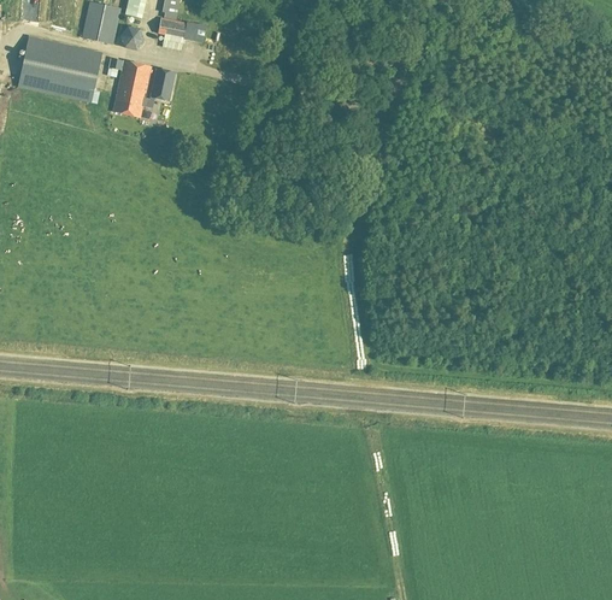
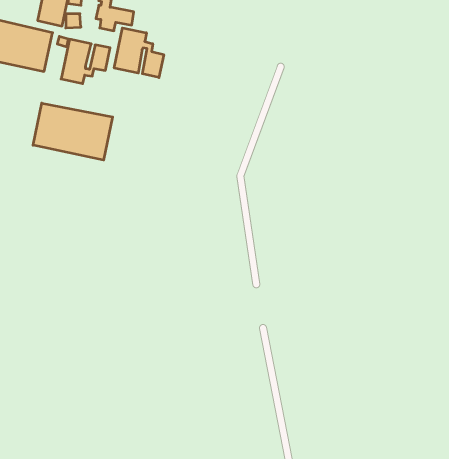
building: none -> [114,28,164,78]
building: none -> [33,103,113,160]

